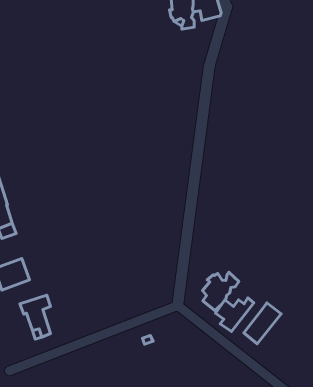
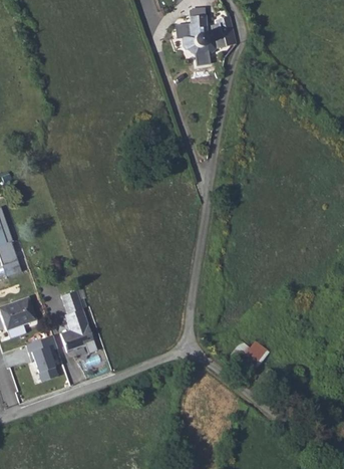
building: none -> [60,290,96,353]
building: [202,272,239,311] -> none
building: [244,303,281,344] -> none

